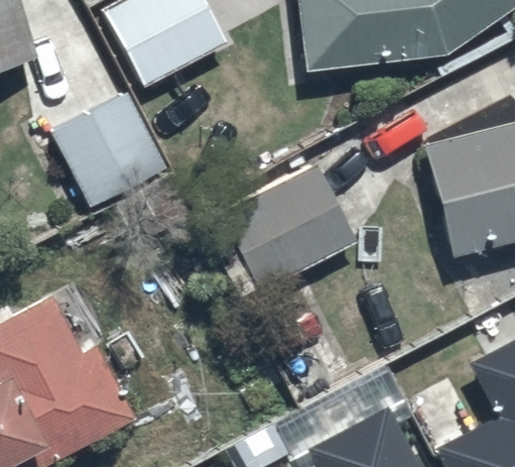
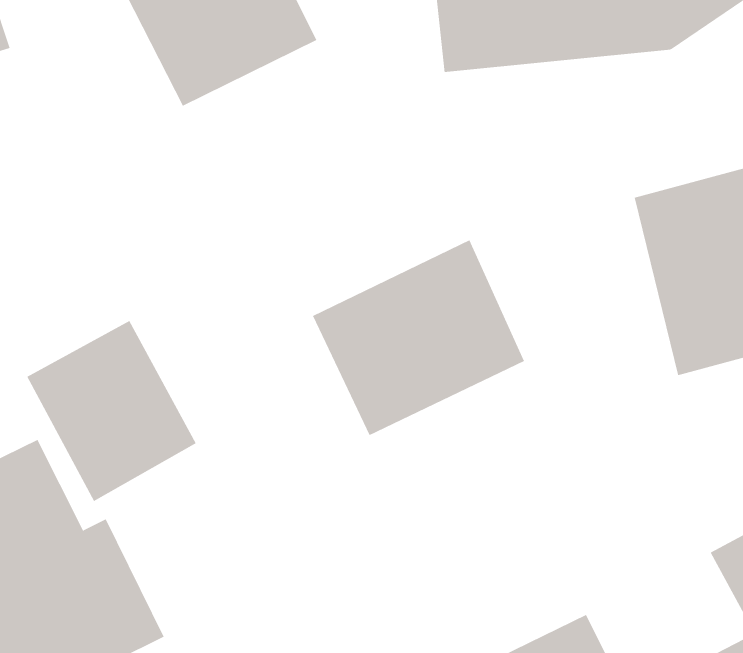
building: [52,93,165,205] -> none
building: none -> [27,320,197,502]

